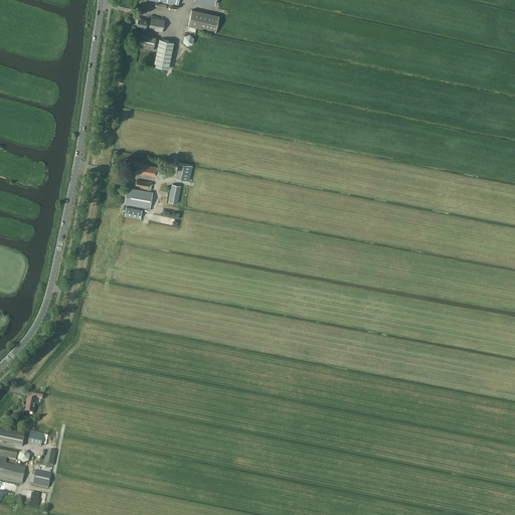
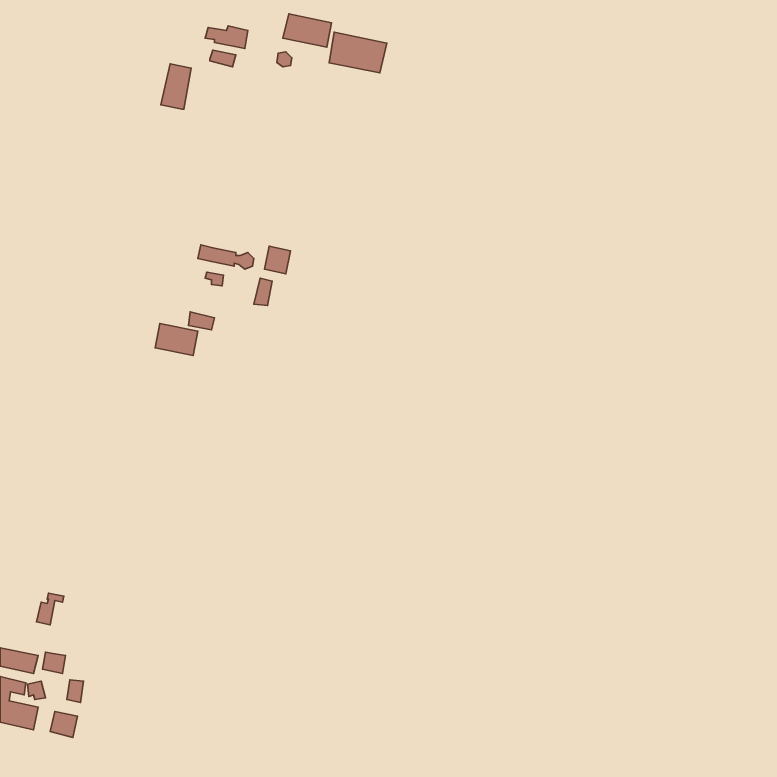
building: none -> [329,32,387,73]
building: [153,38,173,68] -> [161,64,191,109]
building: [124,187,152,208] -> [155,323,198,355]

